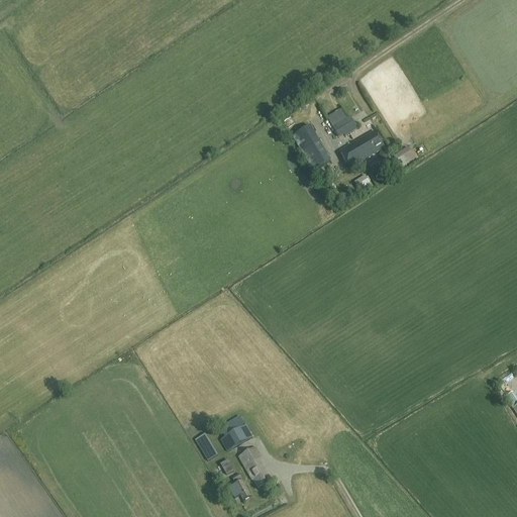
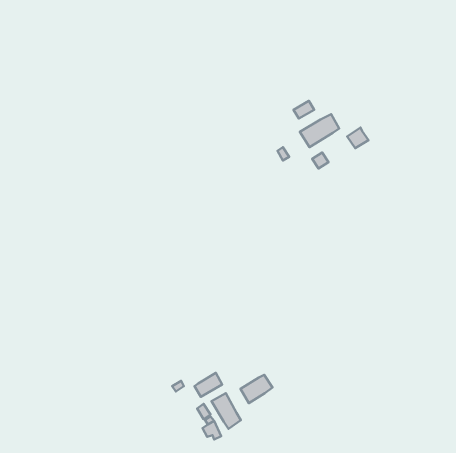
building: [291,123,330,169] -> none
building: none -> [240,375,273,403]

